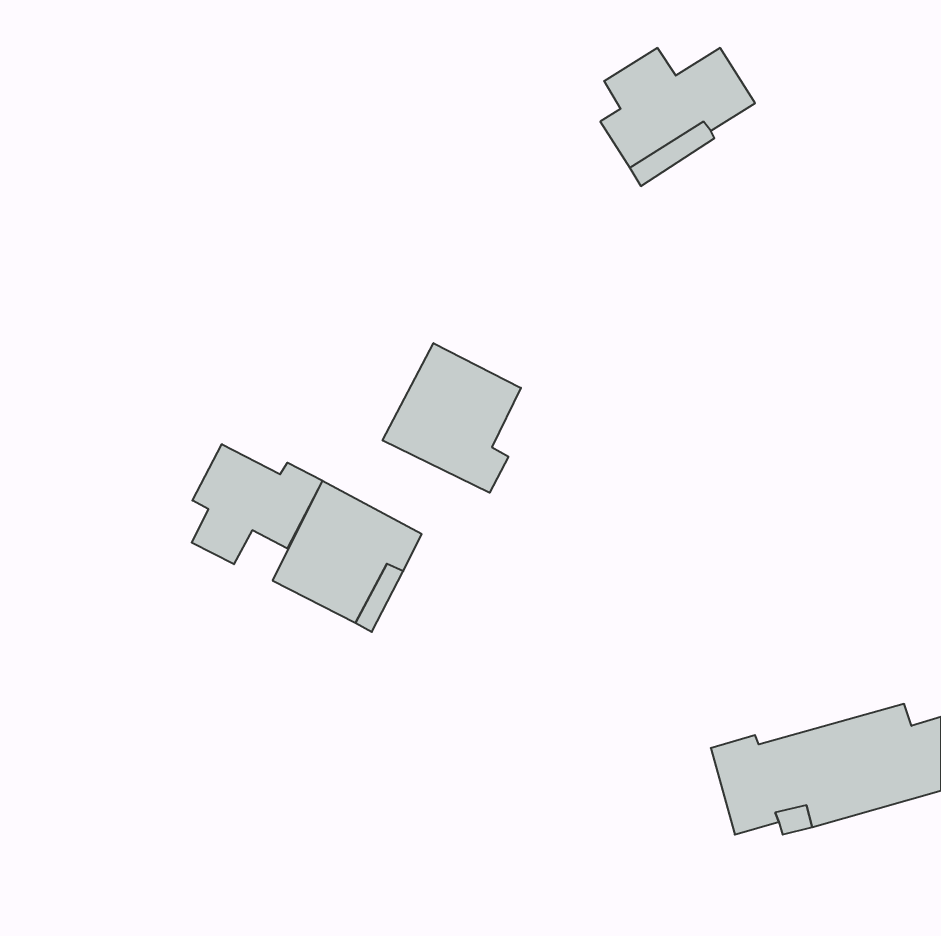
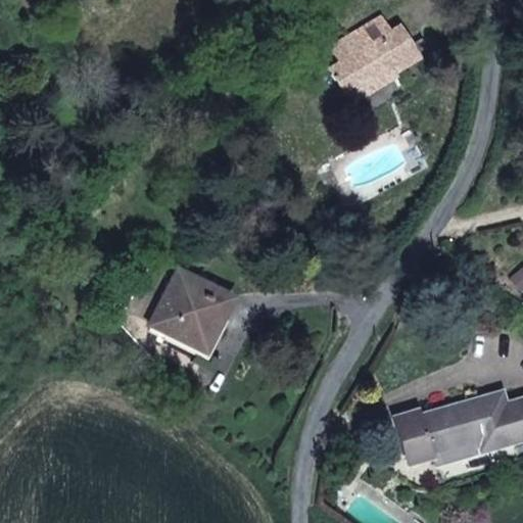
building: [383,343,521,493] -> none
building: [192,444,322,564] -> none

